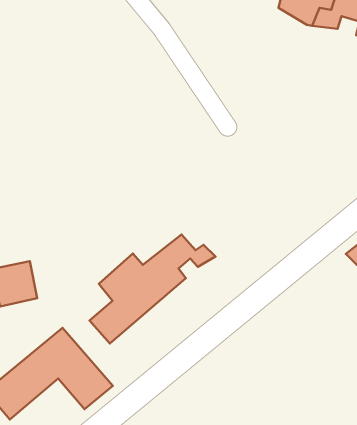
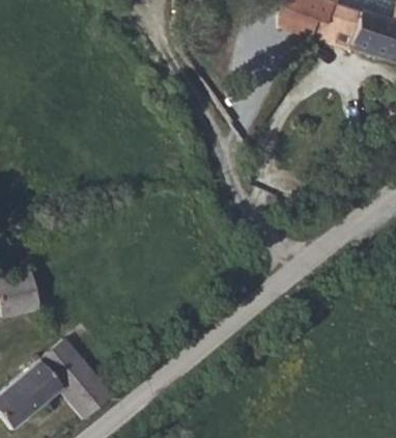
building: [89,234,216,344] -> none

